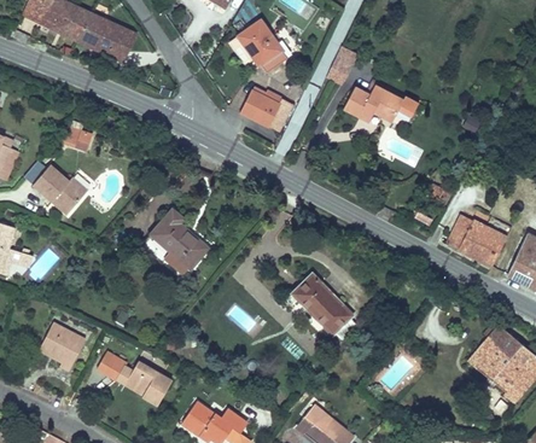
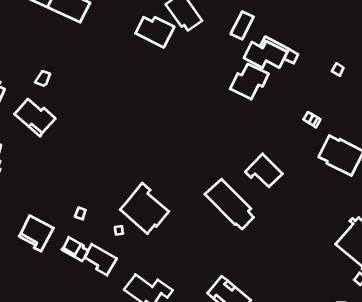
building: [240,91,293,132] -> [135,17,174,47]
building: none -> [230,64,268,99]
building: [141,209,208,278] -> [120,183,169,234]
building: none -> [245,154,283,187]

